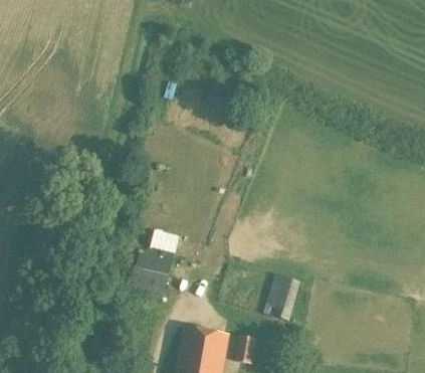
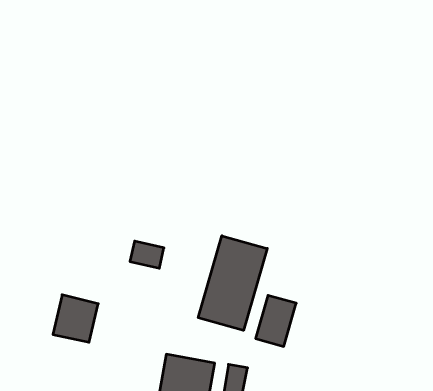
building: none -> [198,236,267,330]
building: [132,251,172,294] -> [53,295,98,342]

